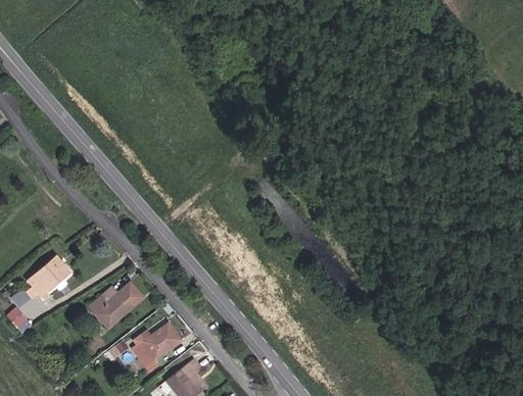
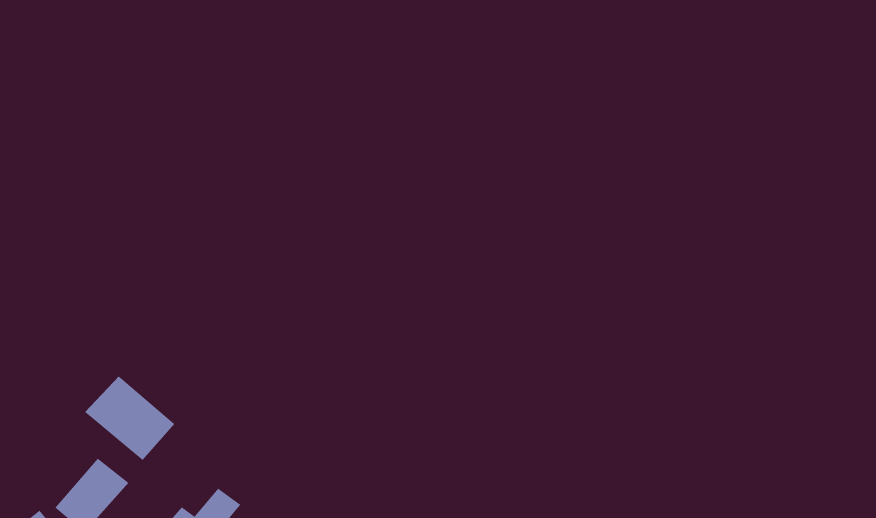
building: none -> [84,375,175,461]

